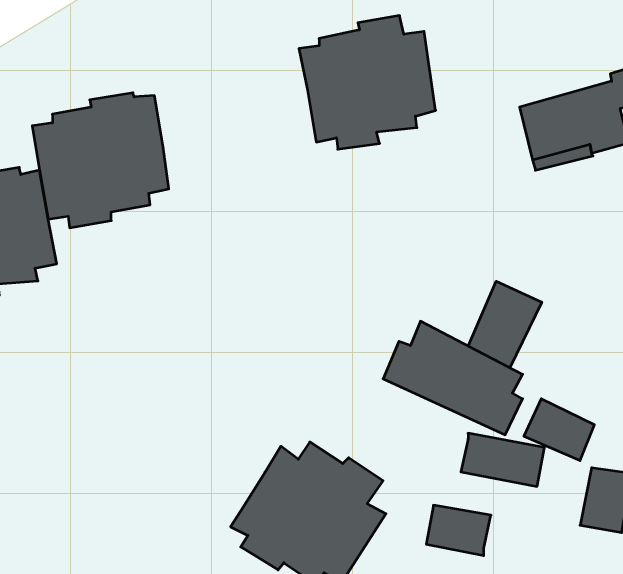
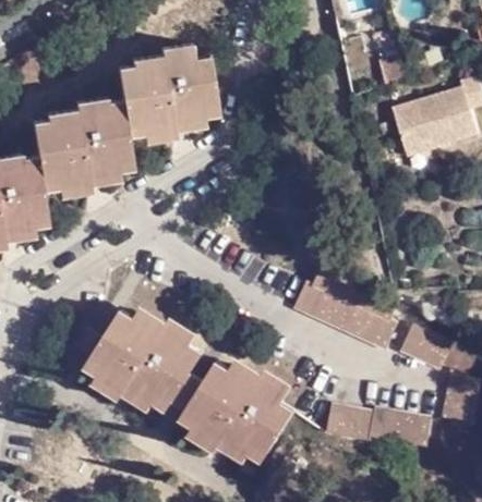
building: [299,16,436,149] -> [115,40,218,142]
building: [468,281,542,368] -> none
building: none -> [82,307,205,415]
building: [461,433,544,486] -> [371,411,434,451]

